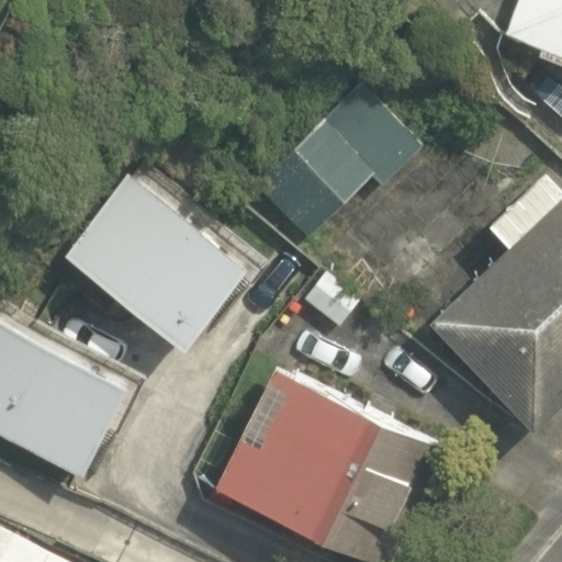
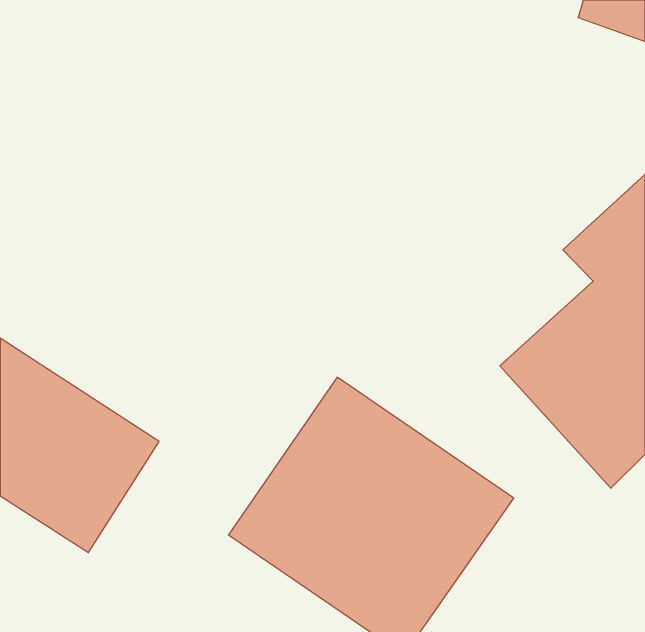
building: [234,93,430,250] -> none
building: [35,147,259,360] -> none

